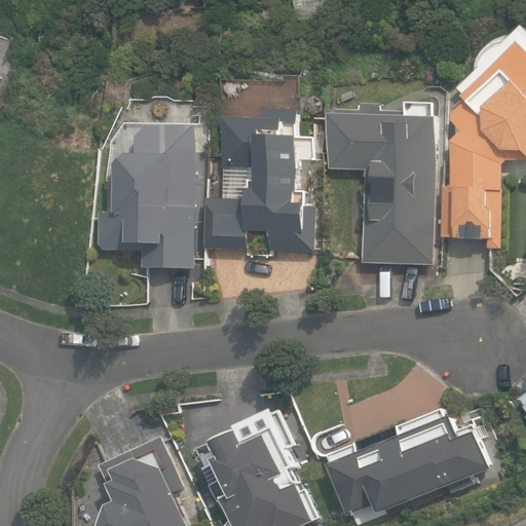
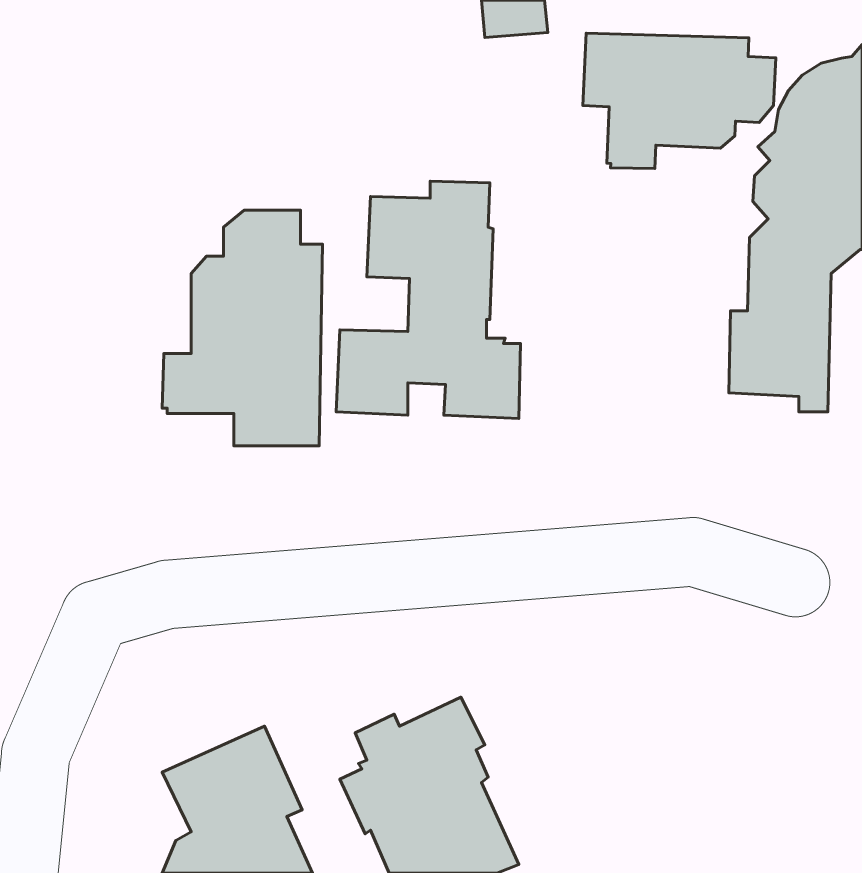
building: none -> [583,33,776,168]
building: [329,104,435,264] -> none
building: [325,408,488,513] -> none

